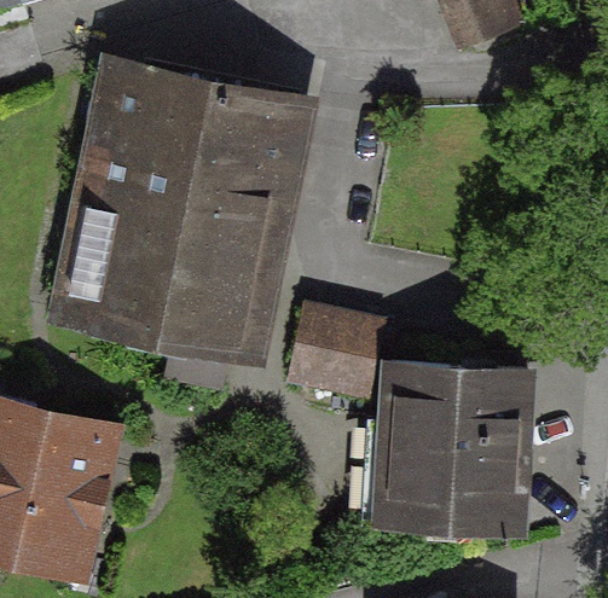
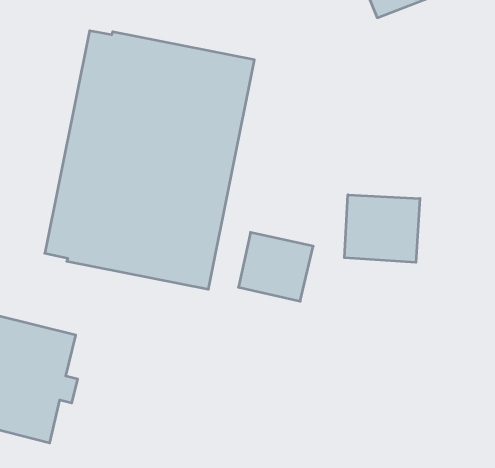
building: none -> [344,195,420,262]
building: [377,359,537,547] -> none

